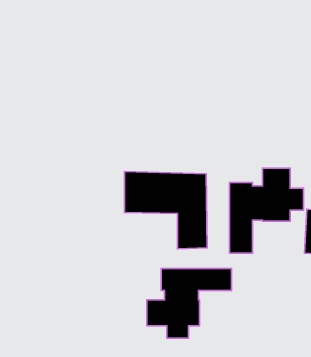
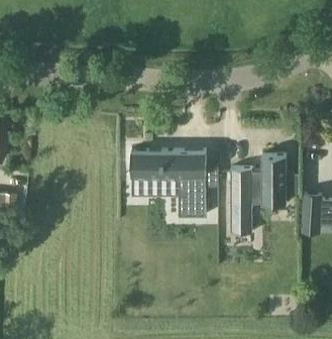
building: [147,269,231,338] -> none

